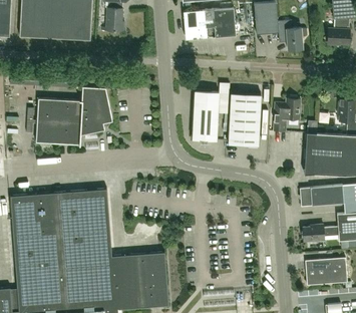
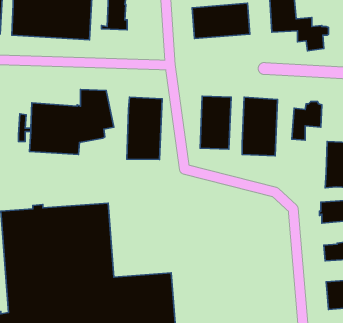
building: none -> [127,97,162,160]

